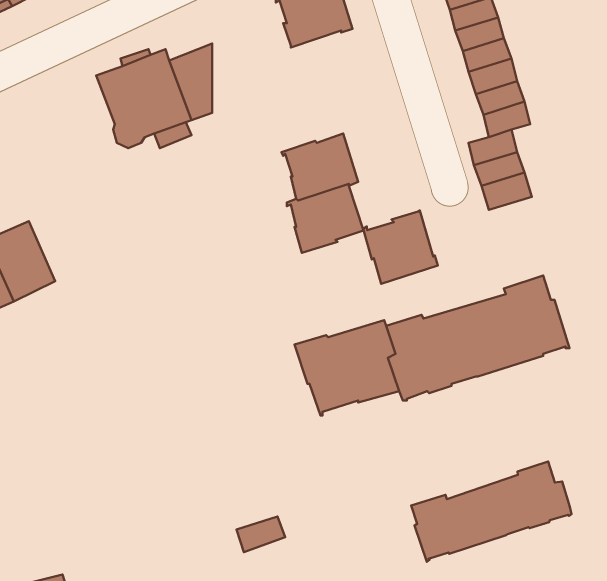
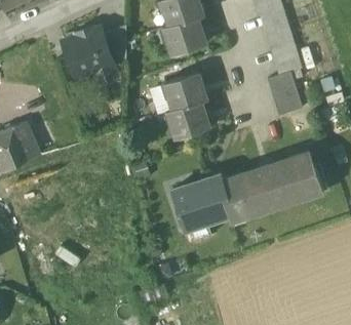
building: none -> [163,17,205,55]
building: [363,211,438,284] -> none
building: [411,461,572,562] -> none

